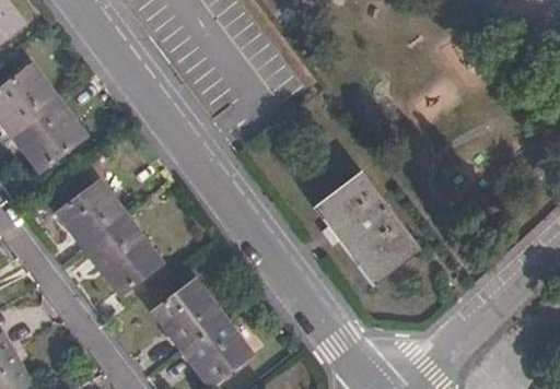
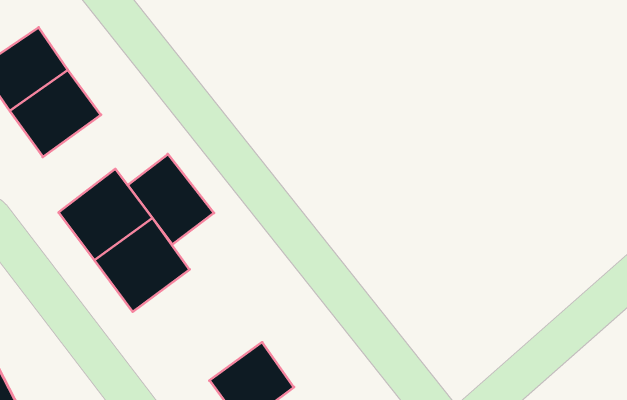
building: none -> [128,154,214,244]
building: [305,175,408,287] -> none
building: [154,280,226,351] -> none

